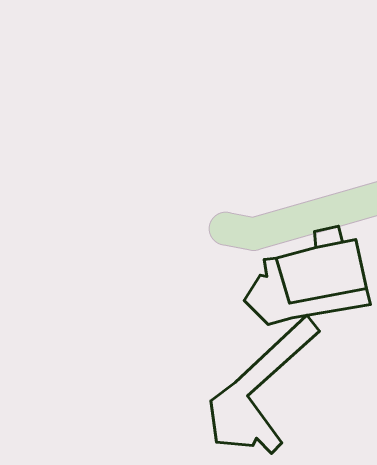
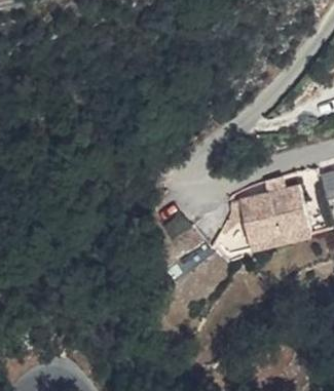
building: [211,315,320,454] -> none

